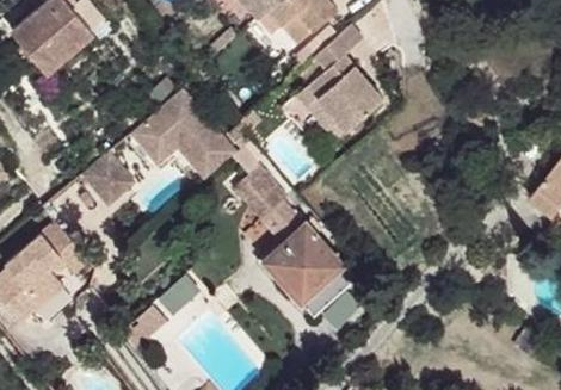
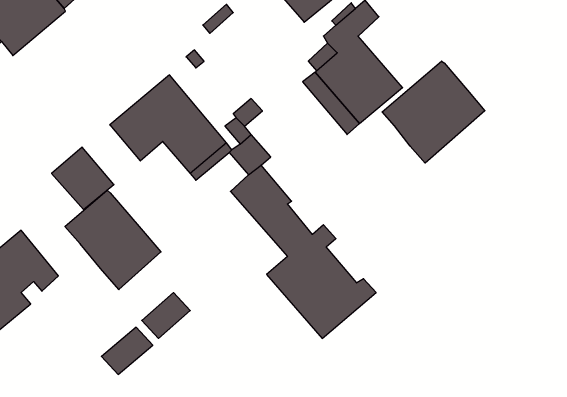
building: none -> [382,61,485,163]
building: none -> [65,190,161,290]

